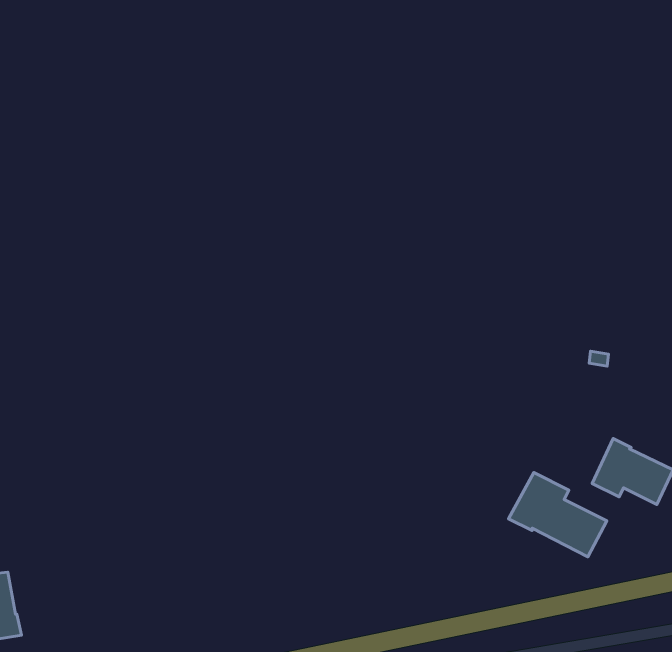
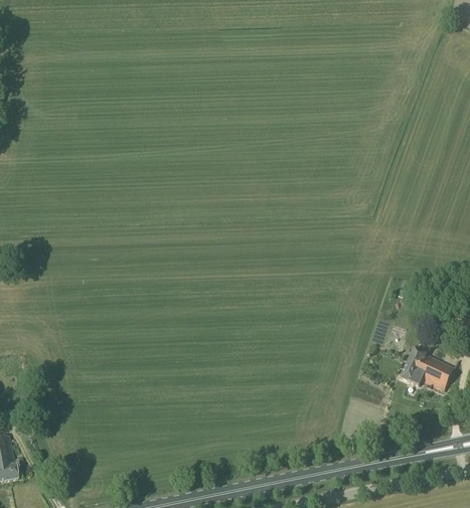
building: [509,473,607,557] -> none

